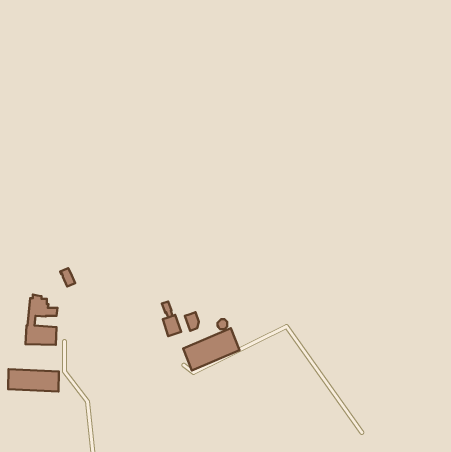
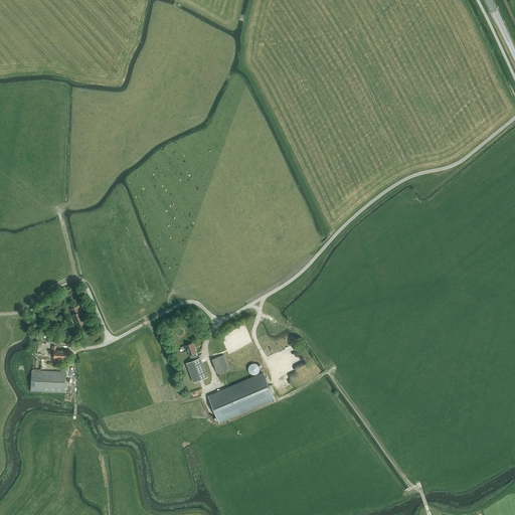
building: [8,369,59,391] -> none

